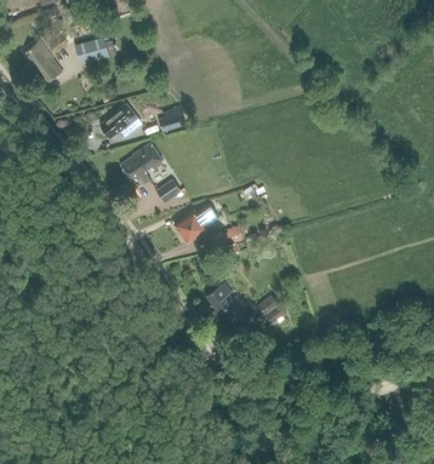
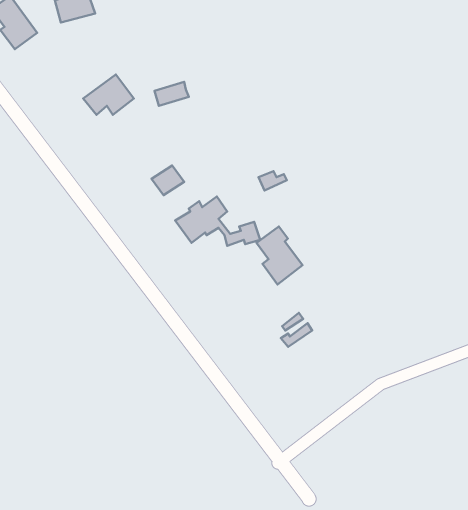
building: [120,141,164,182] -> none
building: [206,281,244,328] -> [257,227,303,285]

